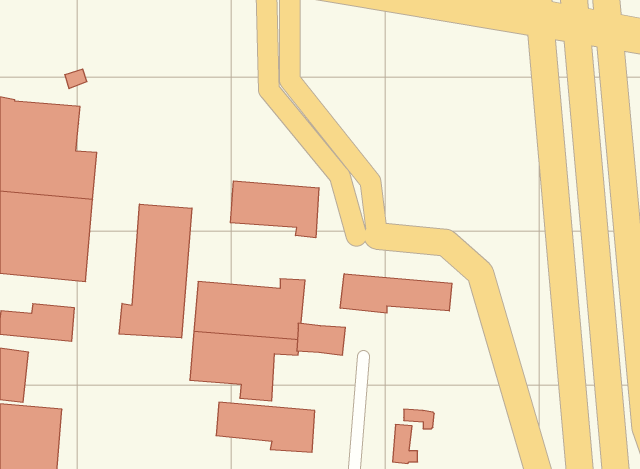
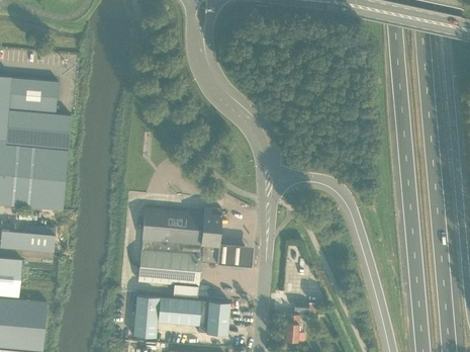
building: [230,181,319,238] -> none
building: [119,204,192,338] -> none
building: [340,274,452,313] -> none
building: none -> [132,295,159,338]

